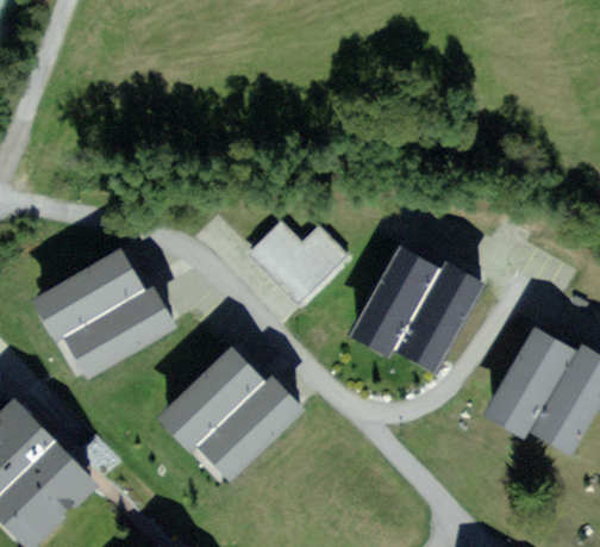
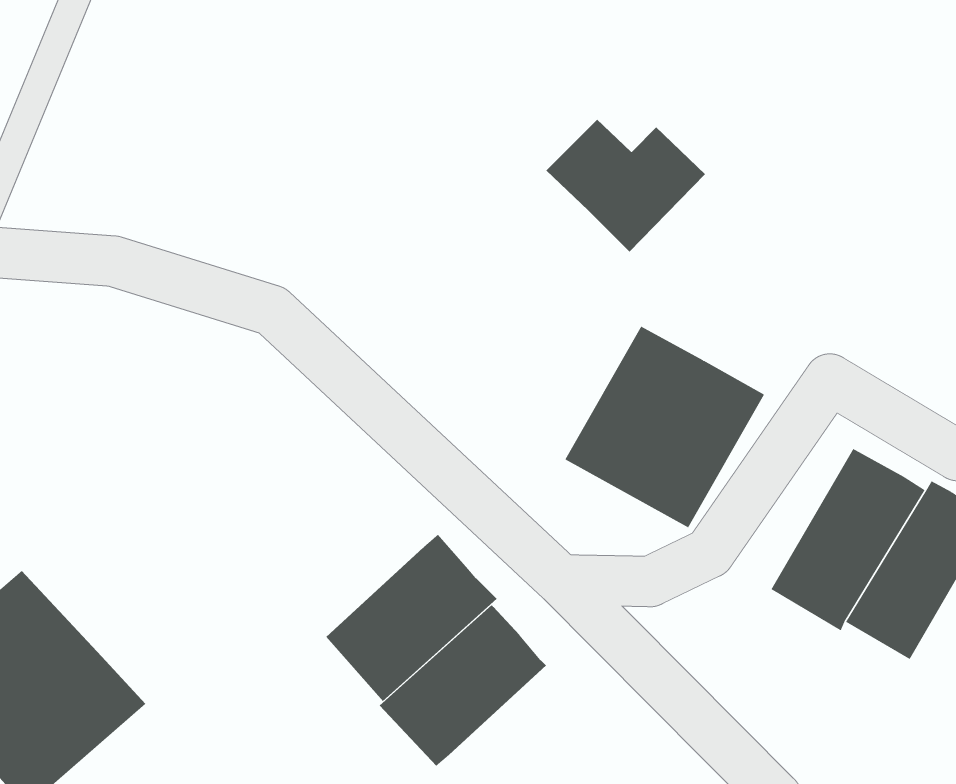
building: [249,218,349,302] -> [546,119,706,253]
building: [38,245,177,381] -> none
building: [161,347,265,448] -> [379,604,547,767]

